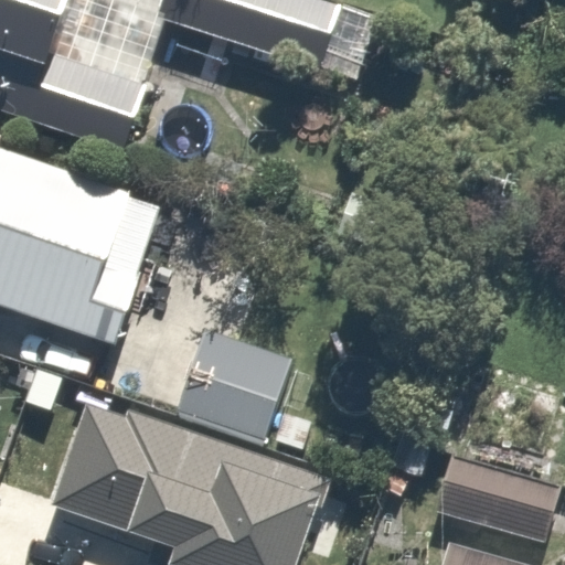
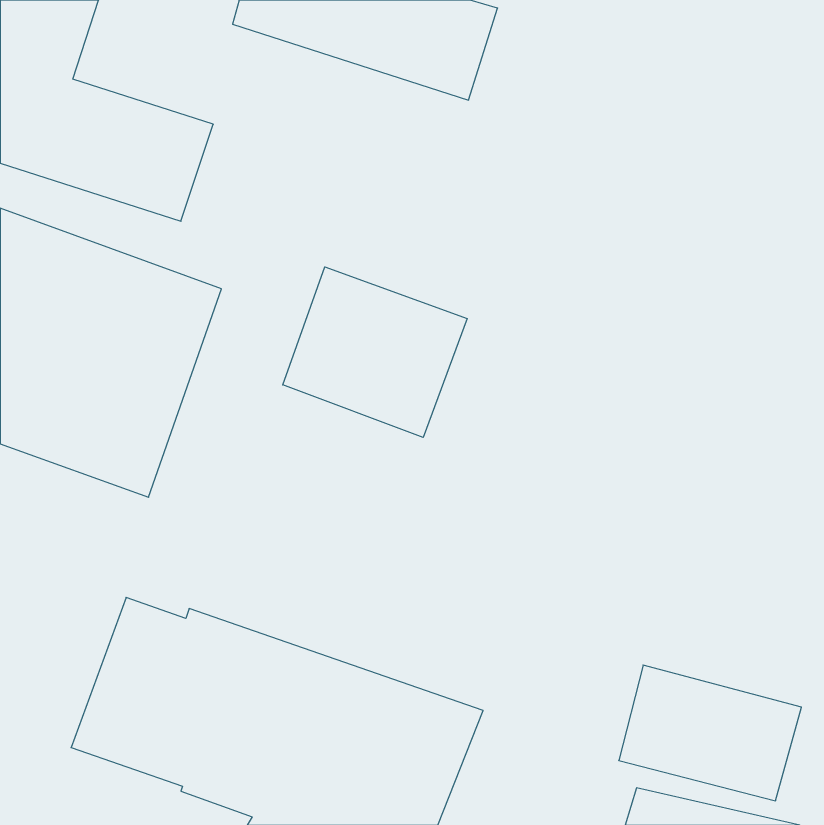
building: none -> [283,267,467,437]
building: [171,328,296,436] -> none

